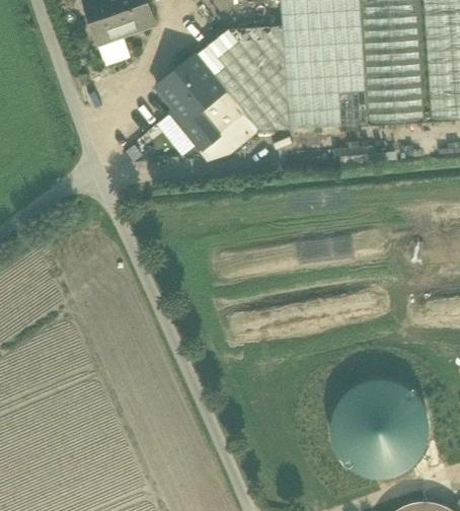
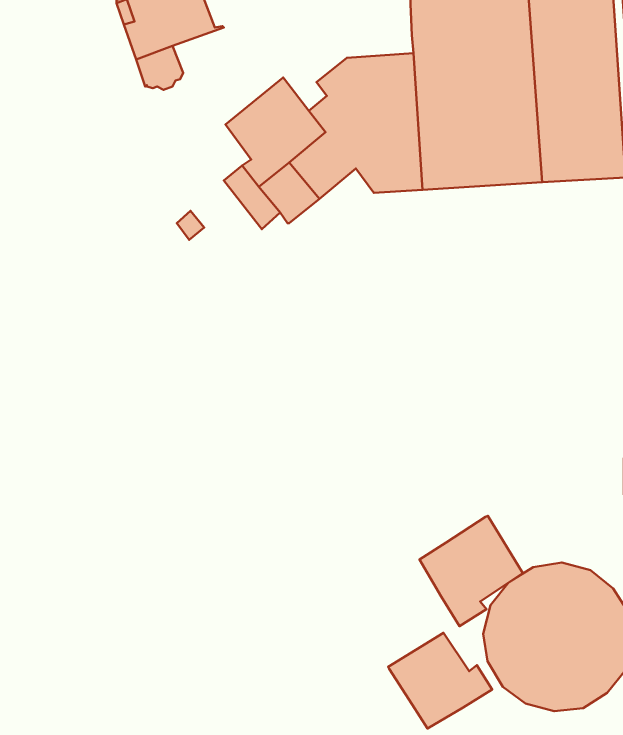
building: [197,26,283,77] -> none
building: [199,116,256,162] -> none
building: none -> [419,516,523,626]
building: none -> [388,633,492,729]

